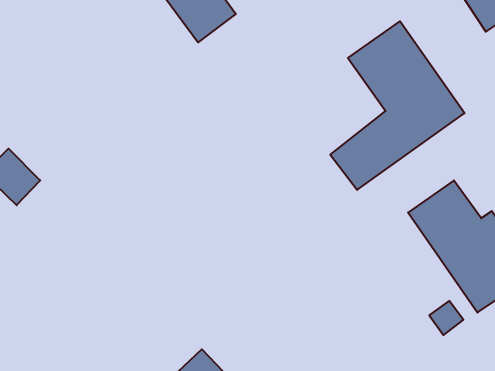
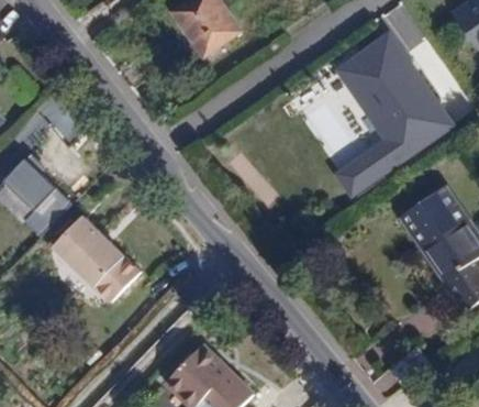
building: none -> [24,188,71,236]
building: none -> [49,217,141,306]

